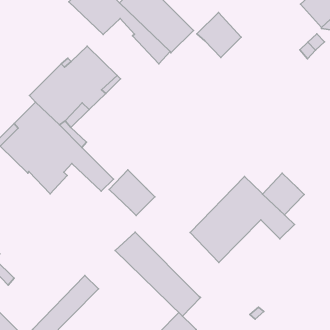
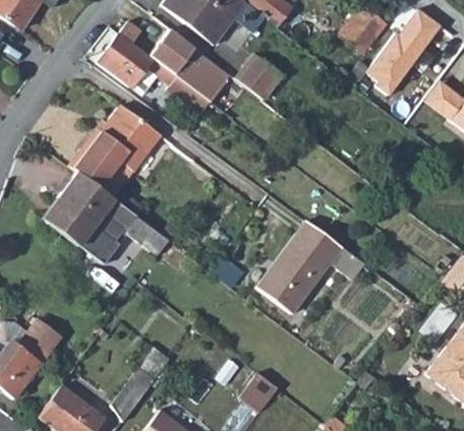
building: [109,170,155,216] -> none
building: [263,173,304,215] -> none
building: [115,232,201,316] -> none

